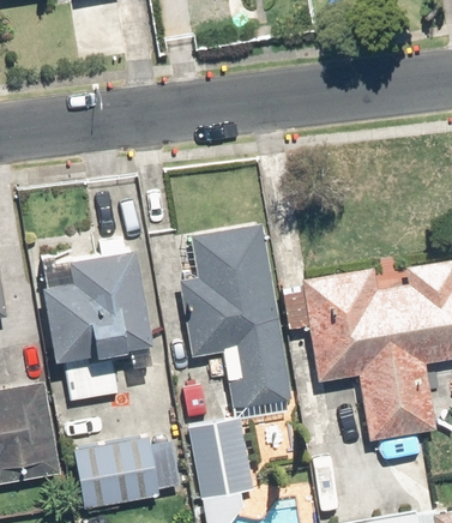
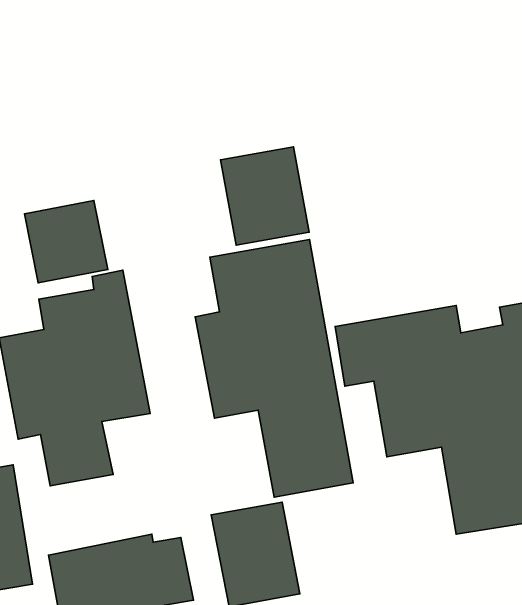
building: none -> [220,147,309,245]
building: none -> [25,201,108,283]

